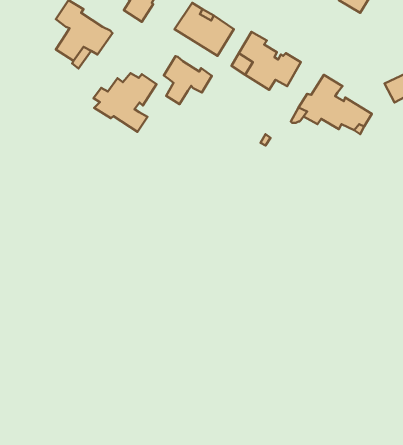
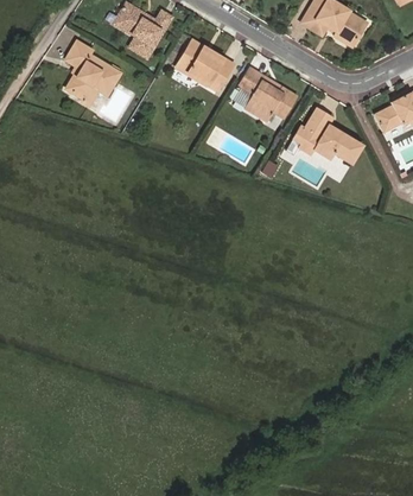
building: [164,56,212,104] -> none
building: [93,73,157,132] -> none

